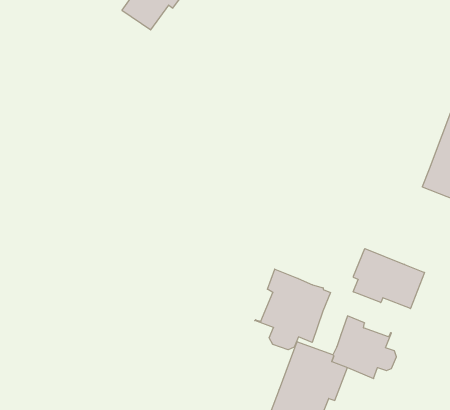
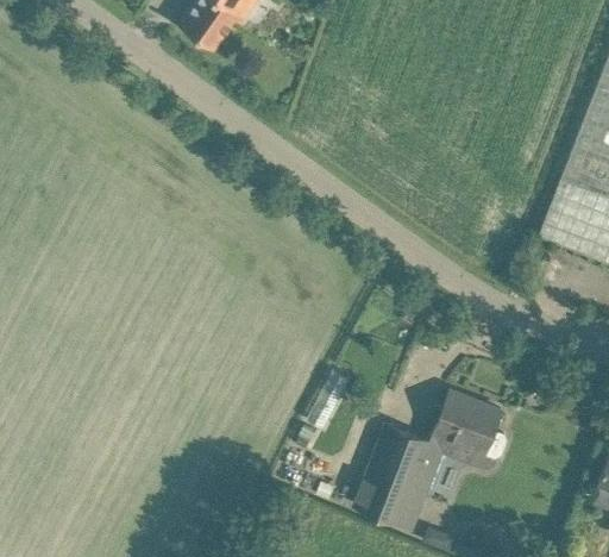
building: [353,249,424,309] -> none
building: [255,269,330,350] -> none

